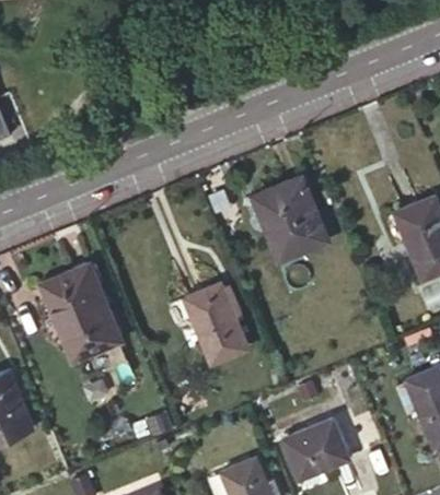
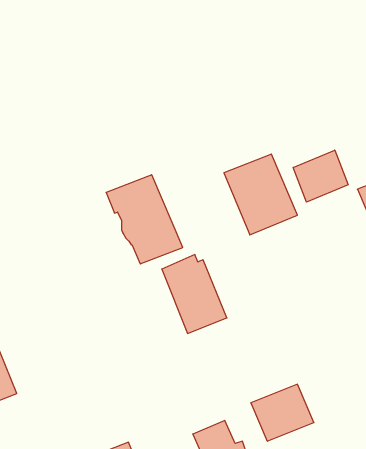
building: none -> [293,150,348,202]
building: [40,266,121,360] -> [106,175,183,264]

